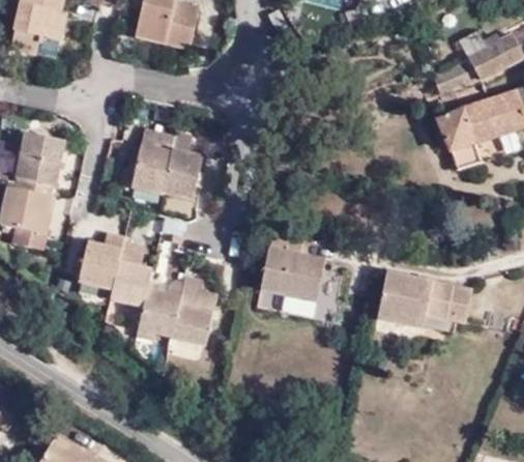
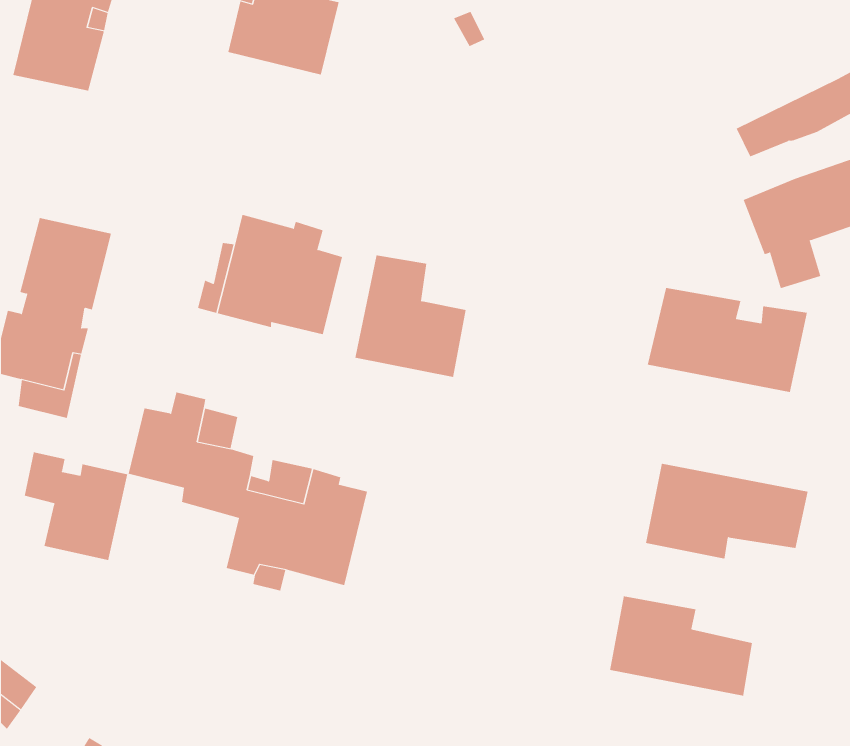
building: none -> [647,287,808,393]
building: [260,230,325,301] -> [354,255,466,377]
building: none -> [24,452,128,561]
building: none -> [610,595,752,696]

